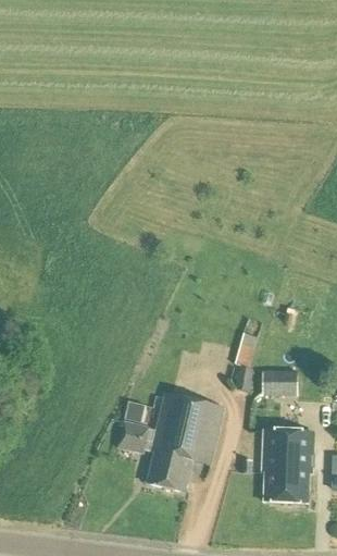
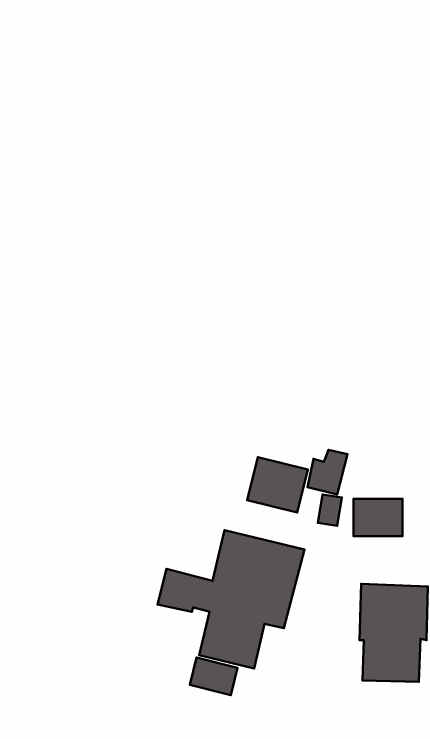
building: none -> [247,457,308,513]
building: none -> [190,657,238,695]

